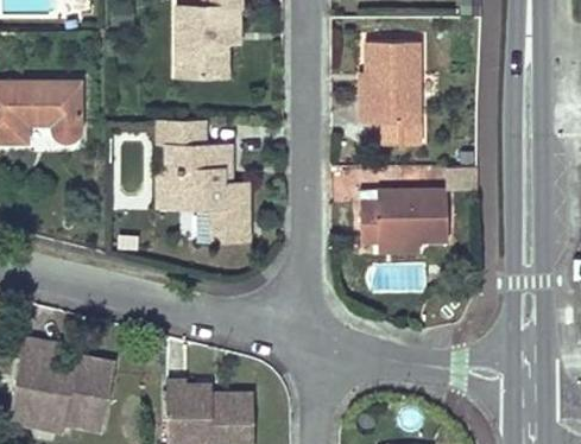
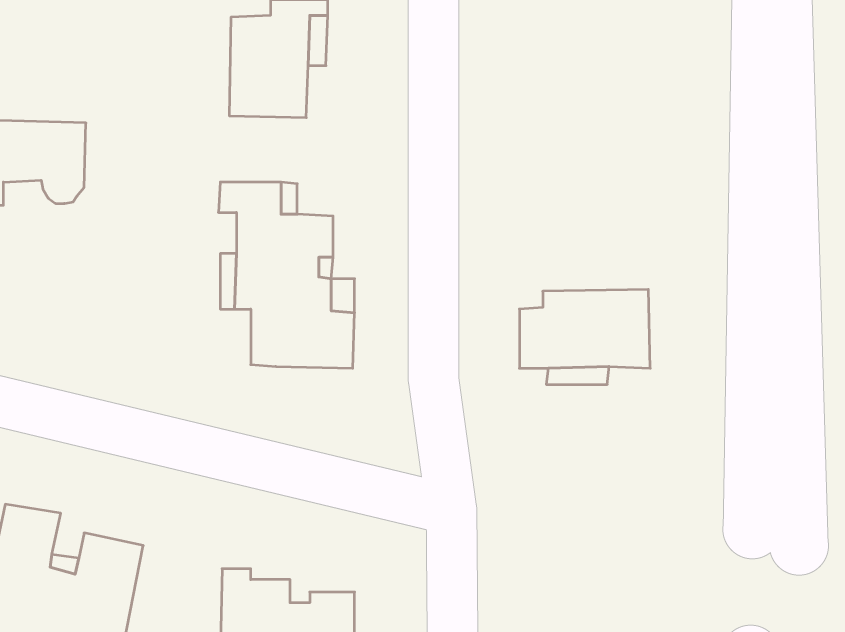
building: [360,42,422,145] -> none

